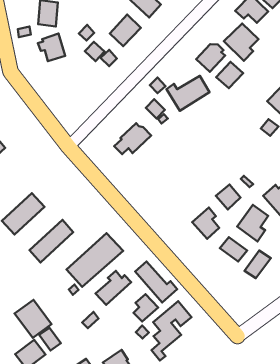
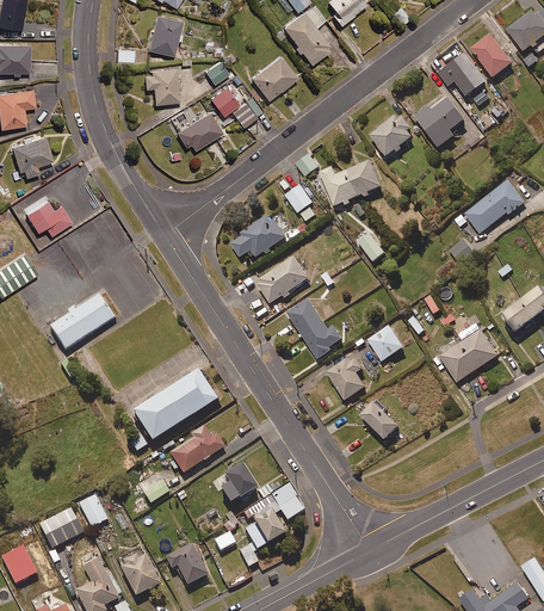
building: none -> [177,111,222,149]
building: [216,62,243,88] -> none
building: none -> [255,257,310,304]
building: none -> [288,298,344,359]
building: [237,205,268,241] -> none
building: [29,220,73,262] -> none
building: [245,251,271,278] -> none
building: [135,261,177,303] -> none
building: [15,300,51,338] -> none

